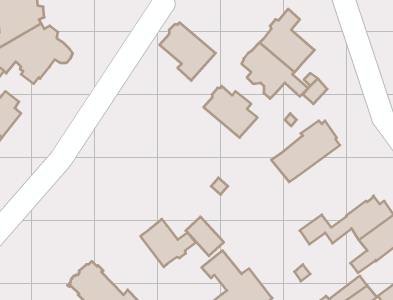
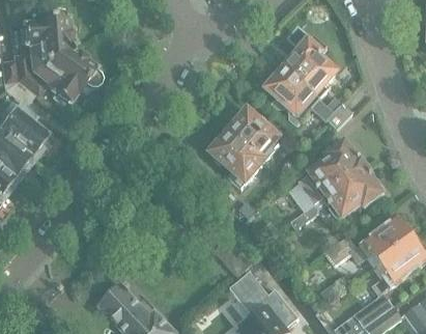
building: [160,23,216,81] -> [209,129,264,186]
building: none -> [288,166,382,228]
building: [141,219,196,267] -> none

